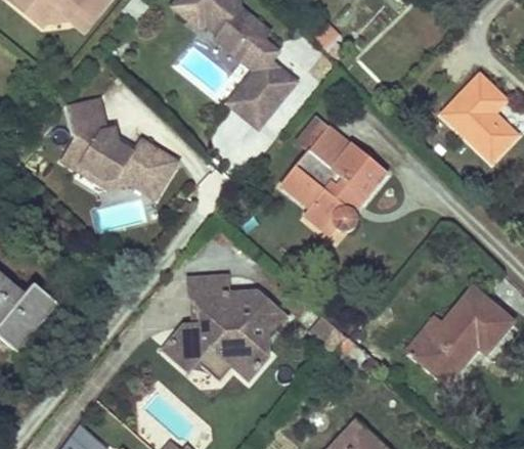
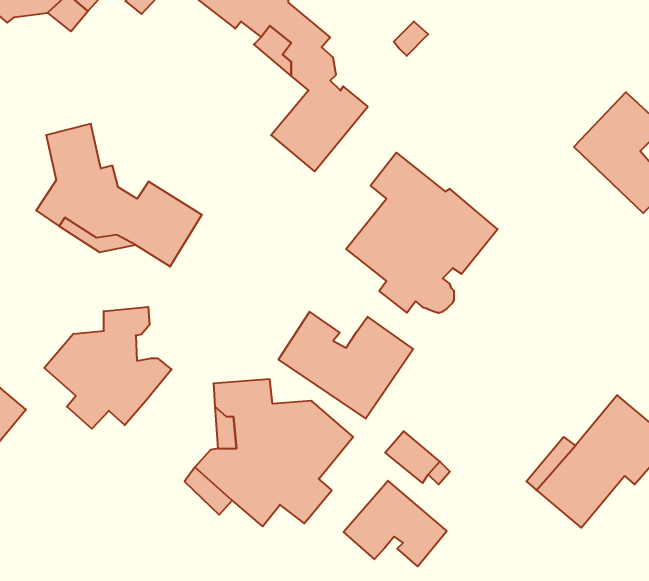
building: none -> [44,307,172,429]
building: none -> [279,312,413,419]
building: none -> [344,481,447,566]

